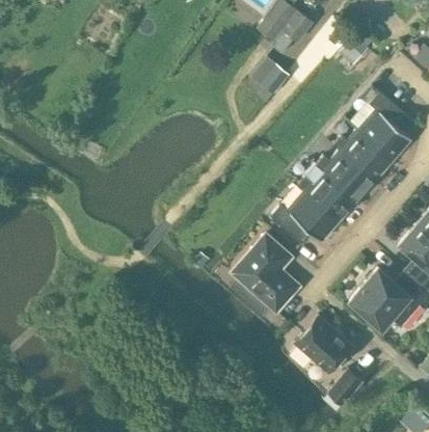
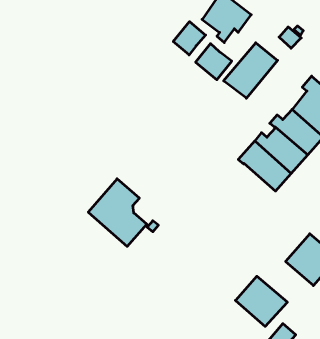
building: none -> [173,22,206,55]
building: none -> [224,43,278,98]
building: [270,190,339,245] -> none
building: [233,236,298,312] -> [88,179,147,246]

